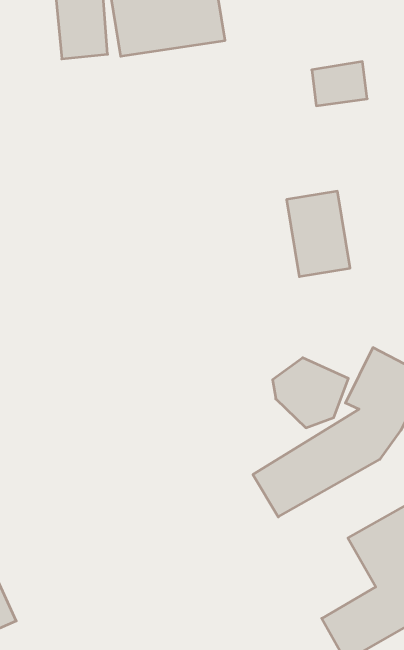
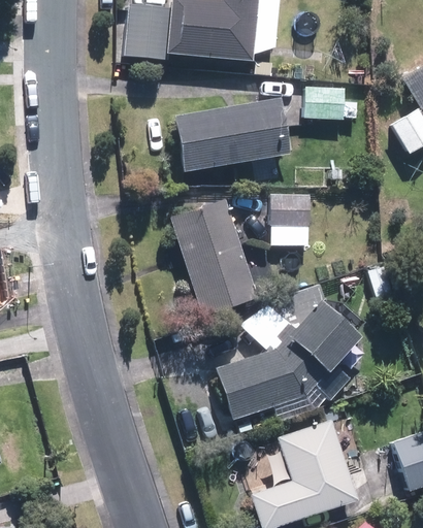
building: none -> [178,106,289,171]
building: none -> [168,197,250,306]

